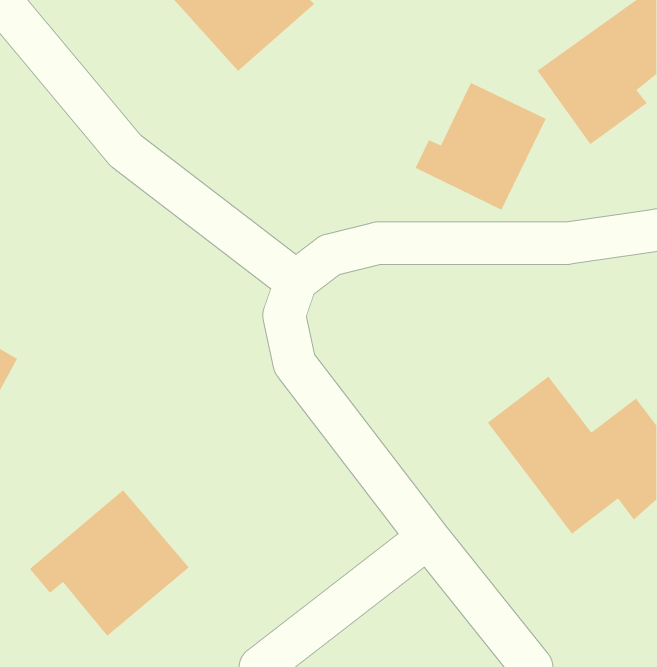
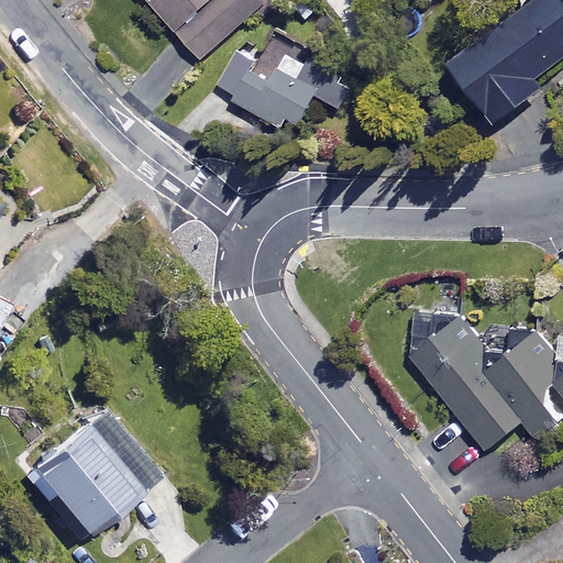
building: none -> [214,32,350,129]
building: [414,82,547,211] -> none

